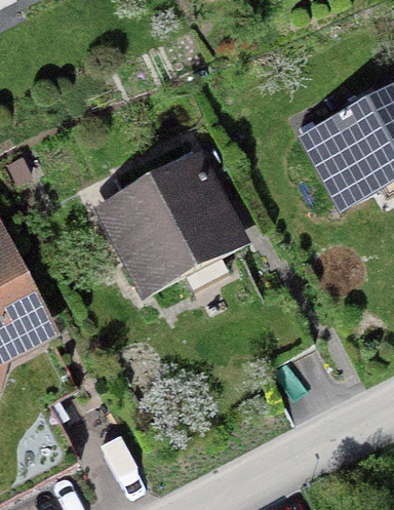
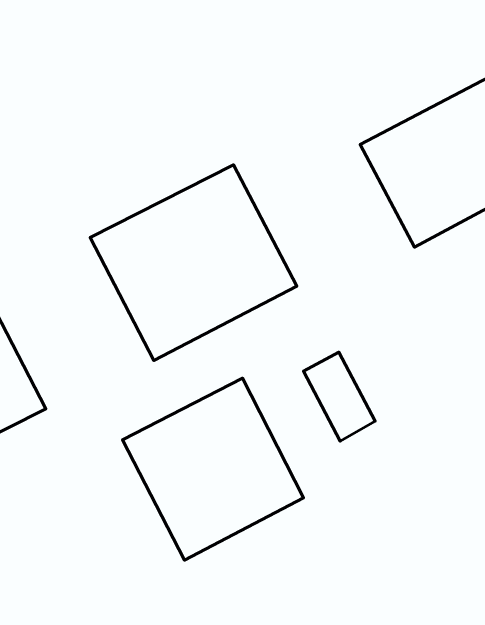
building: none -> [122,378,304,560]

